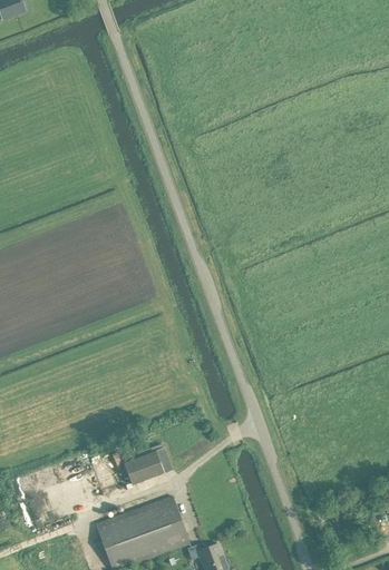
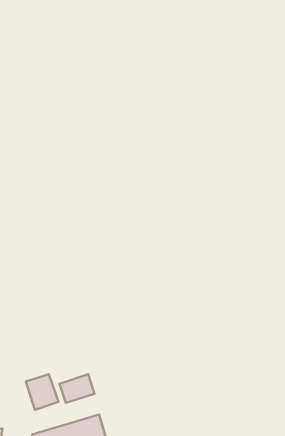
building: none -> [26,374,59,410]

